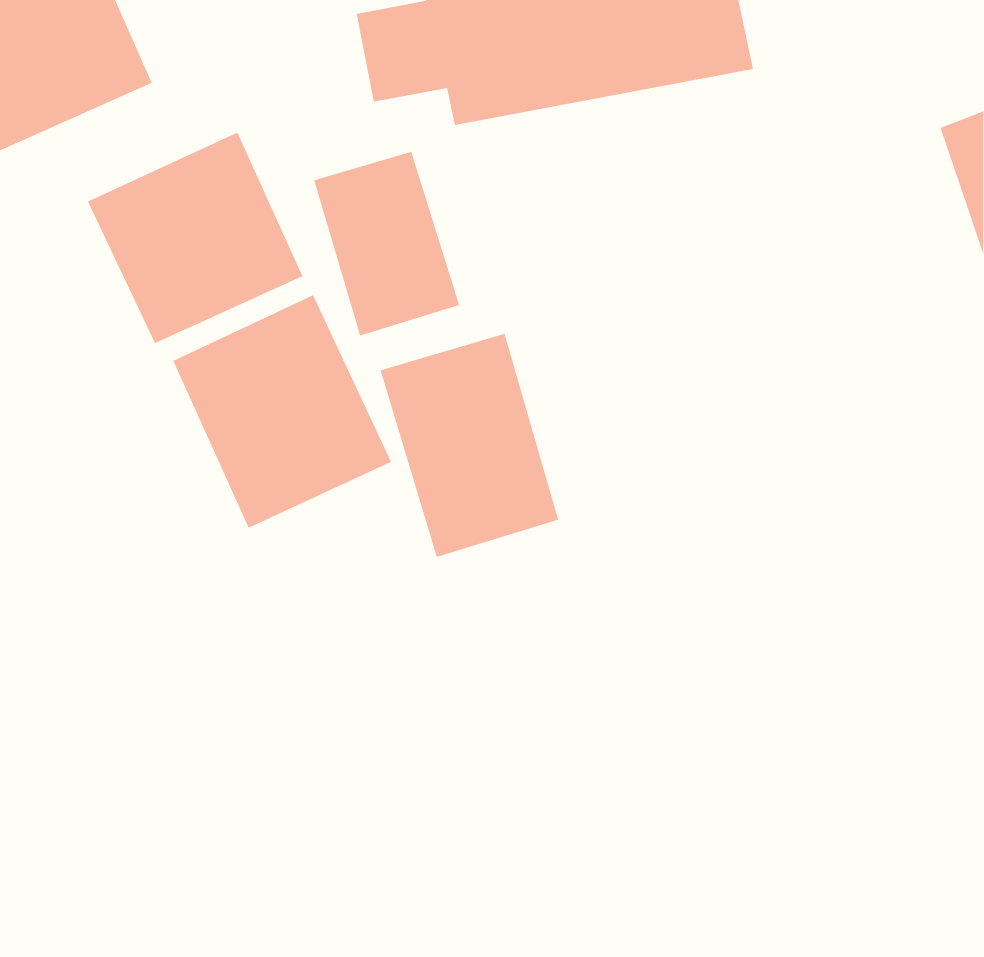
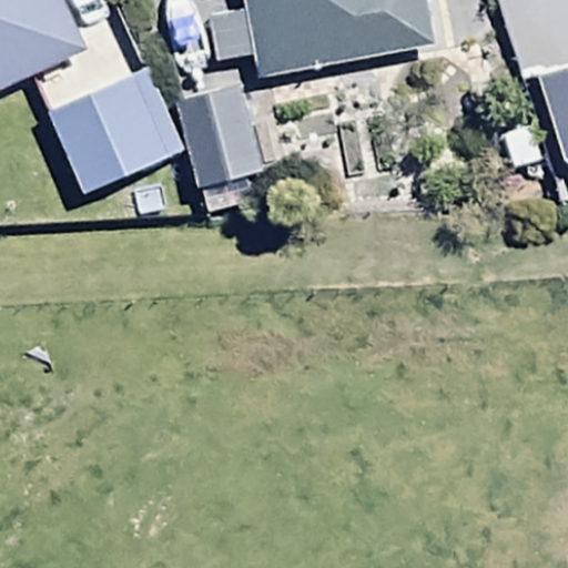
building: [172,294,392,529] -> none
building: [379,333,559,558] -> none

